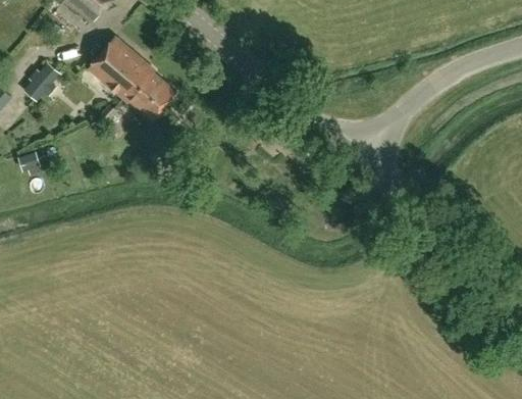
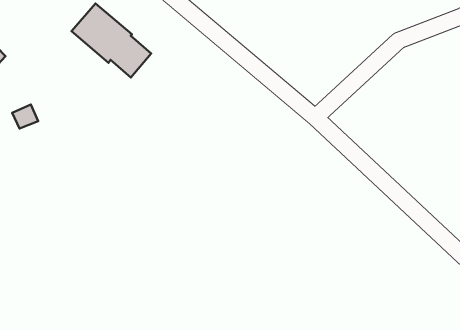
building: [23,64,58,101] -> none

